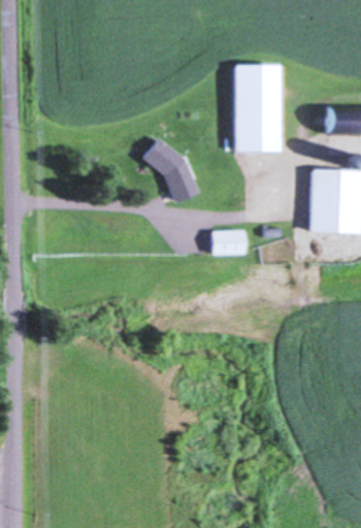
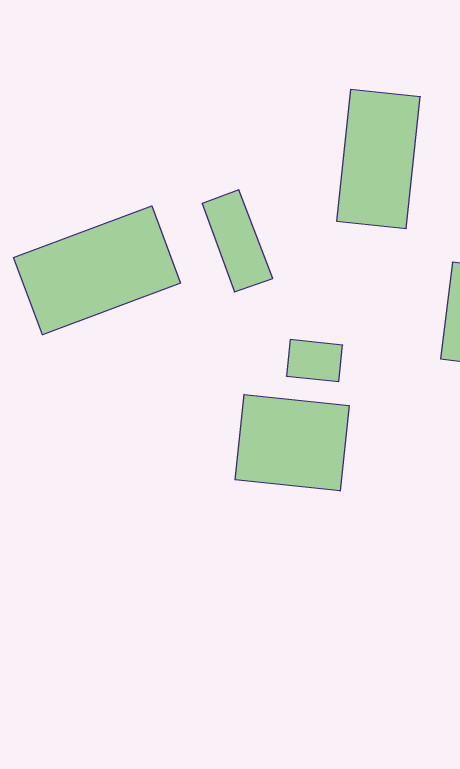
building: none -> [14,206,181,335]
building: none -> [235,394,349,491]

